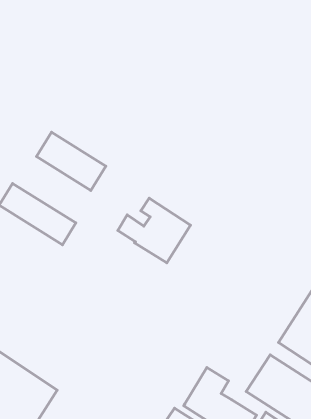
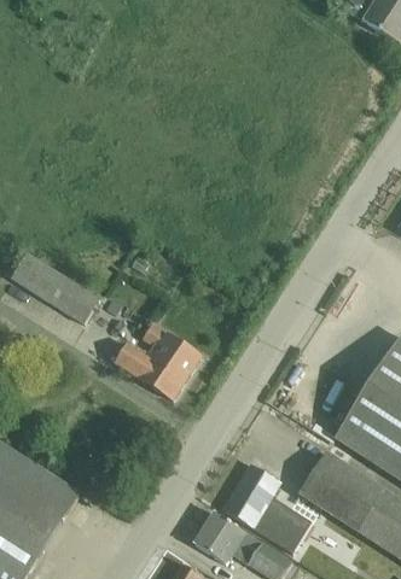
building: [36,132,106,190] -> none
building: [118,198,191,263] -> [116,323,200,398]

